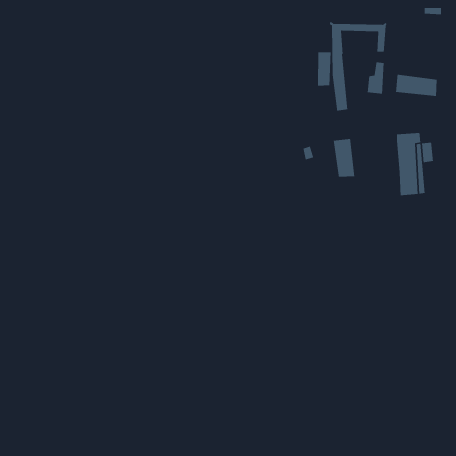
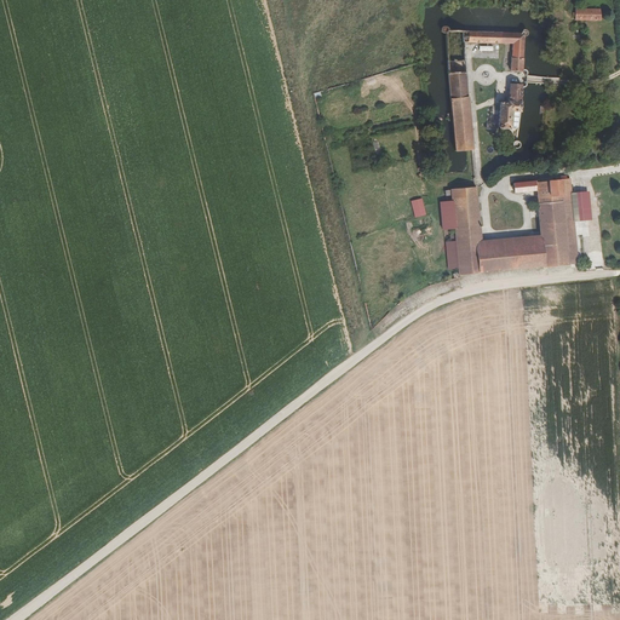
building: [317,51,332,87] -> none
building: [395,74,437,97] -> none
building: none -> [459,234,542,274]

